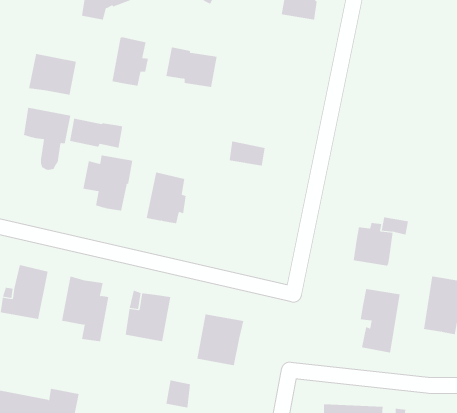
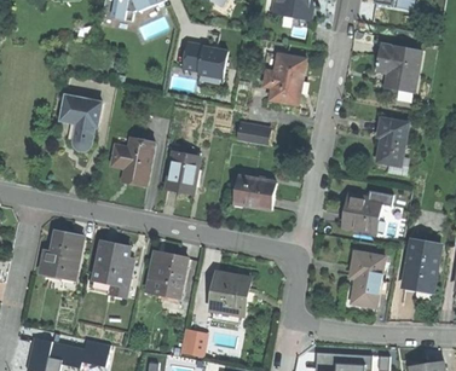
building: [112,37,148,86] -> none
building: none -> [376,46,420,92]
building: [28,53,77,96] -> none
building: none -> [262,54,305,105]
building: [69,118,123,148] -> none
building: none -> [376,118,406,167]
building: none -> [232,178,275,210]

